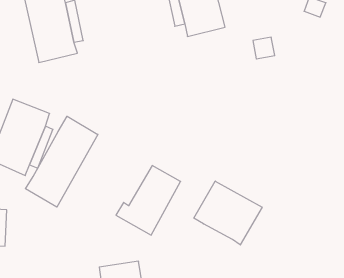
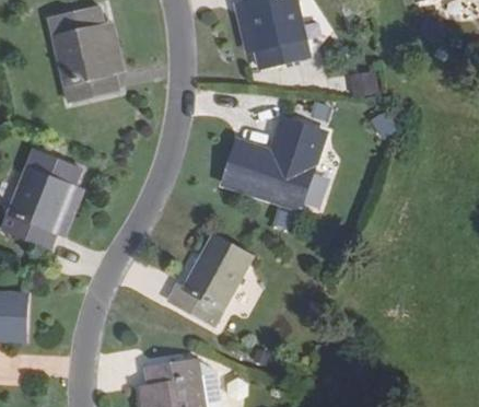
building: none -> [223,118,326,210]
building: [25,116,98,207] -> none
building: [194,181,262,245] -> none

